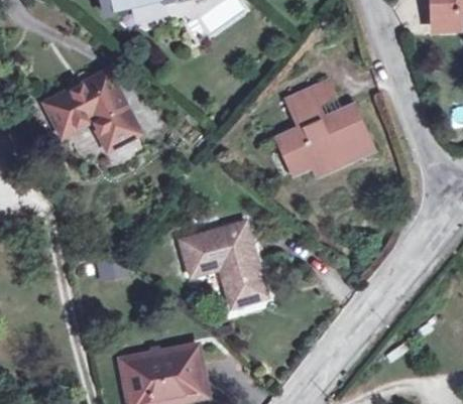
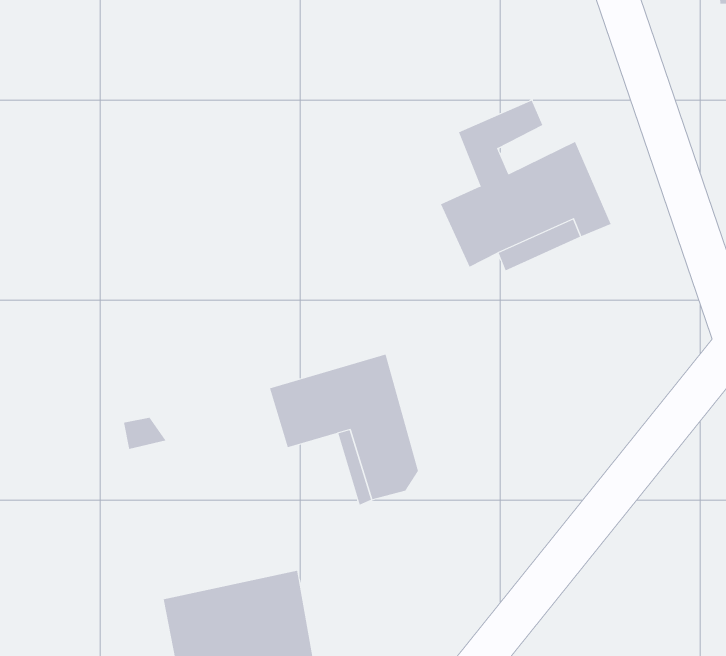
building: [47,74,135,146] -> none

